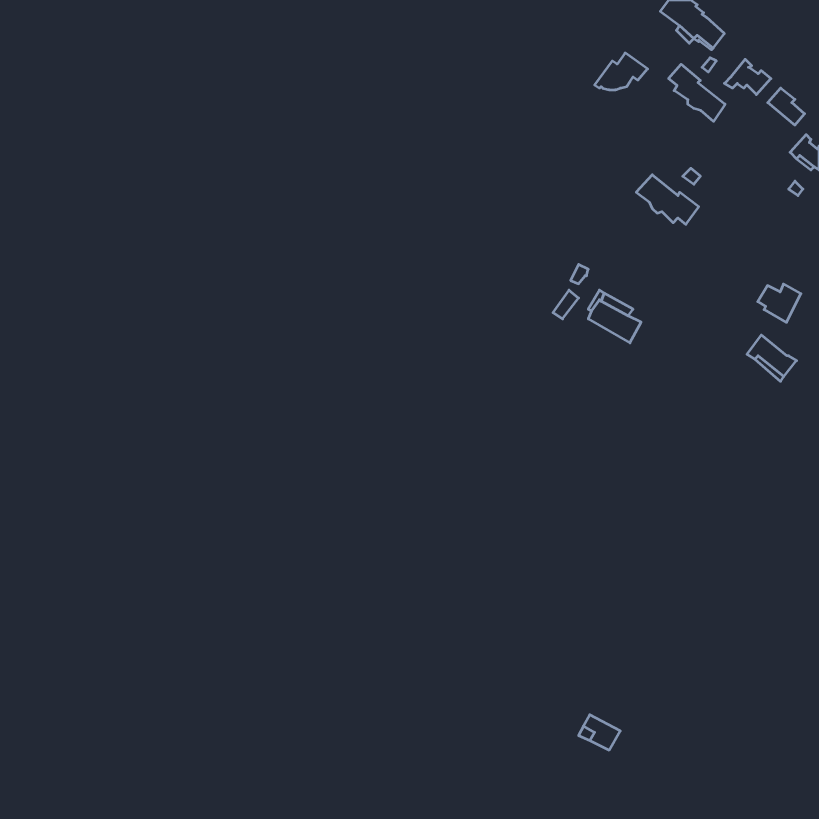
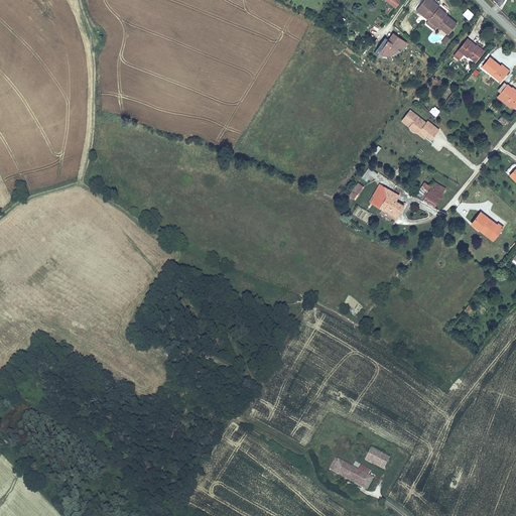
building: [669,64,725,121] -> none
building: [758,284,801,322] -> [416,180,443,205]
building: none -> [328,460,374,492]

